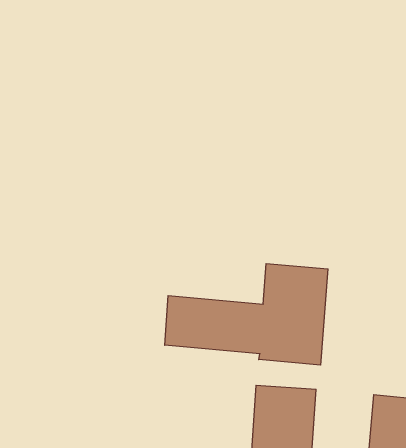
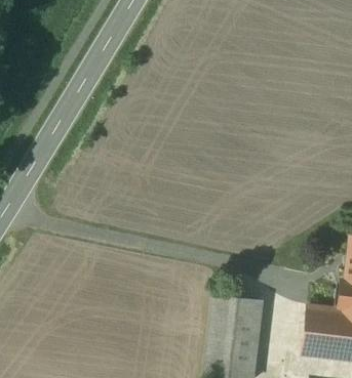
building: [165,264,328,365] -> none

